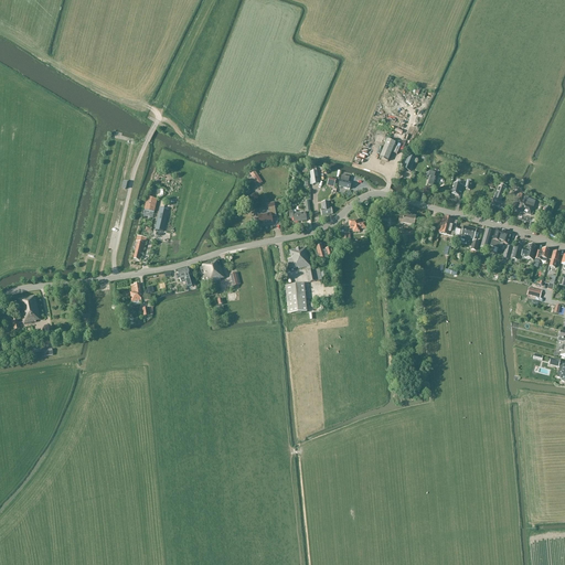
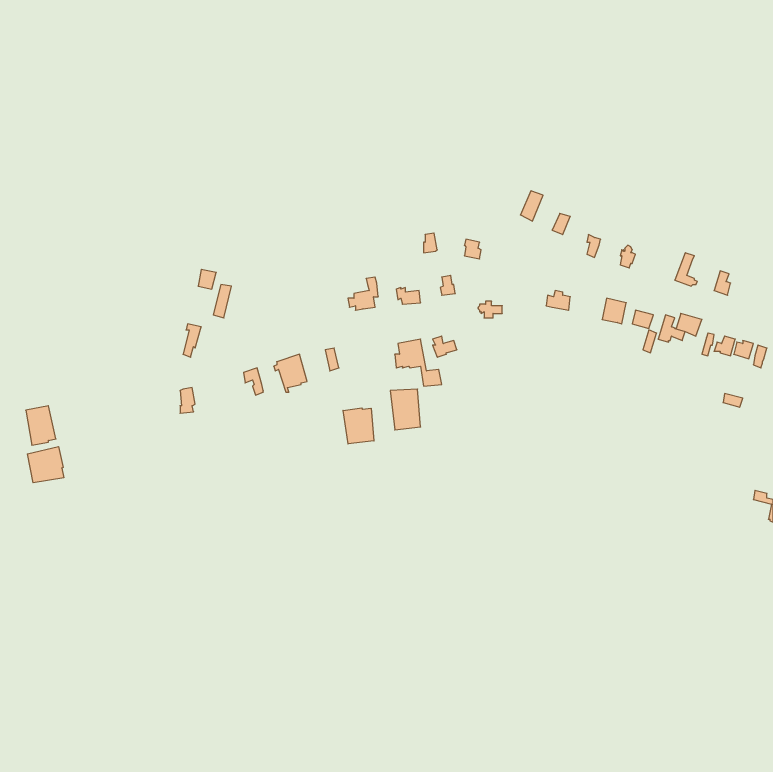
building: none -> [343,408,374,444]
building: none -> [27,447,64,483]

